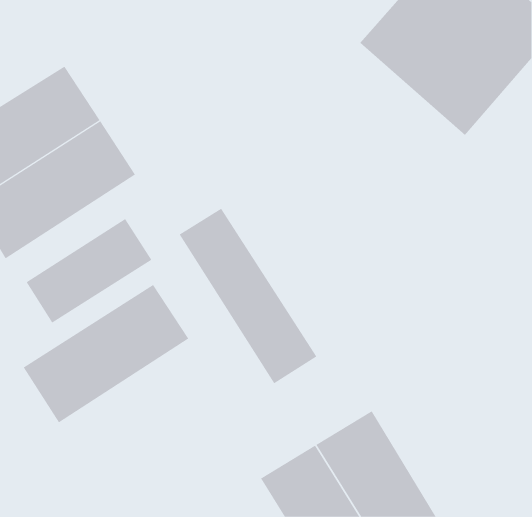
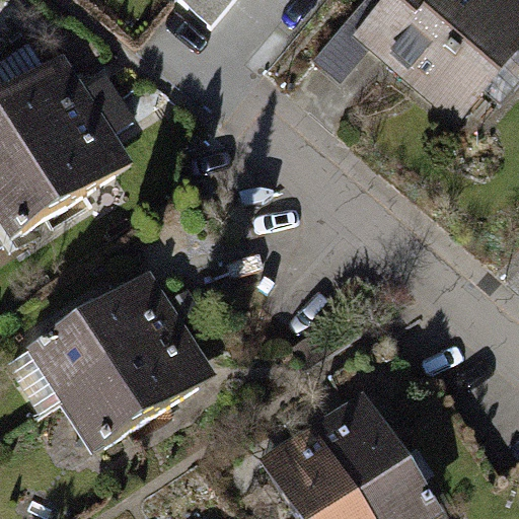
building: [179,208,317,384] -> none
building: [26,218,152,324] -> none
building: none -> [57,328,218,463]

